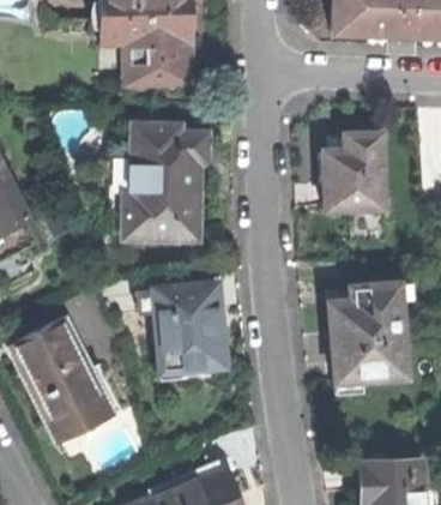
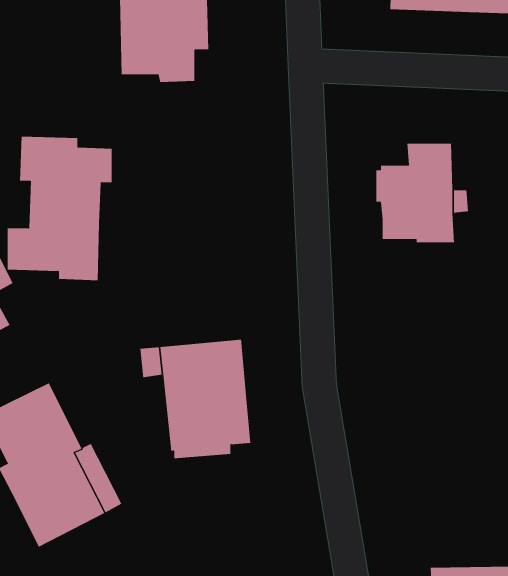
building: [122,124,204,235] -> [7,136,112,281]
building: [328,281,404,378] -> none

